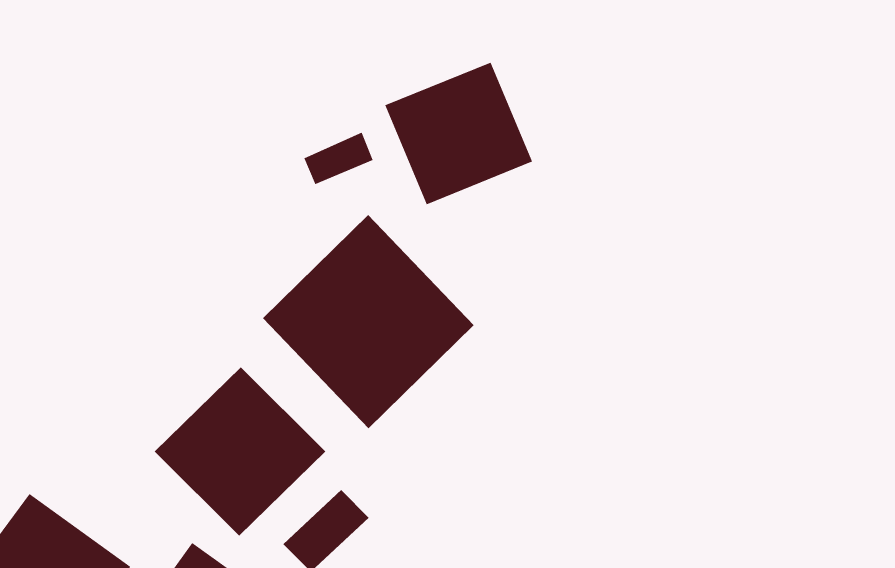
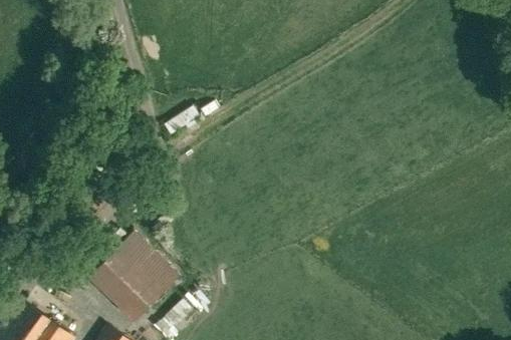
building: [385,62,533,205] -> none
building: [262,214,475,429] -> none

